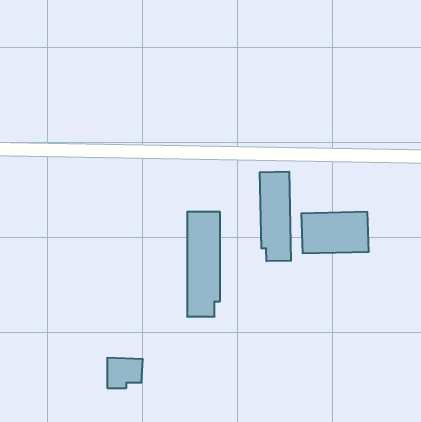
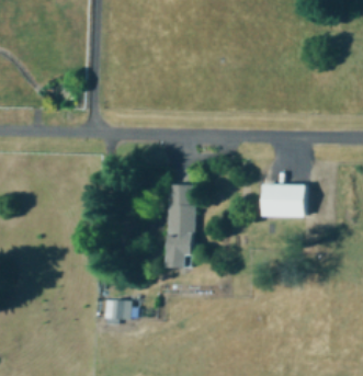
building: [260,172,291,261] -> none

